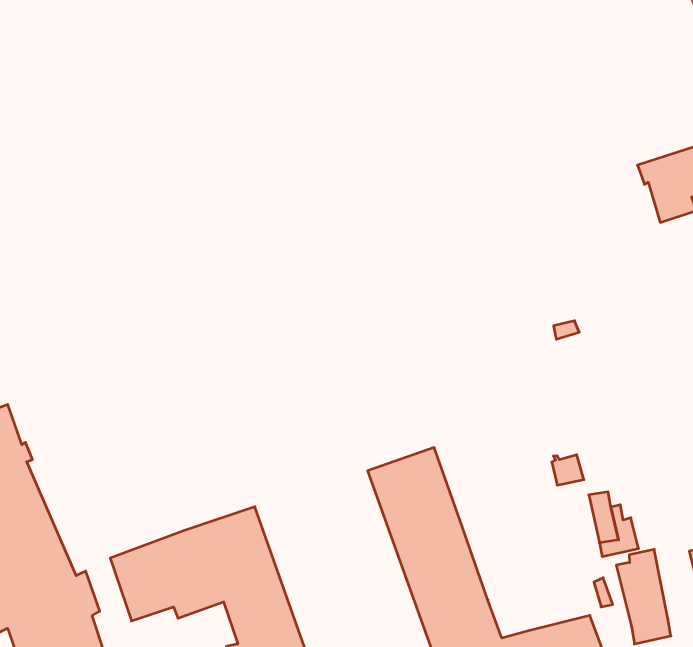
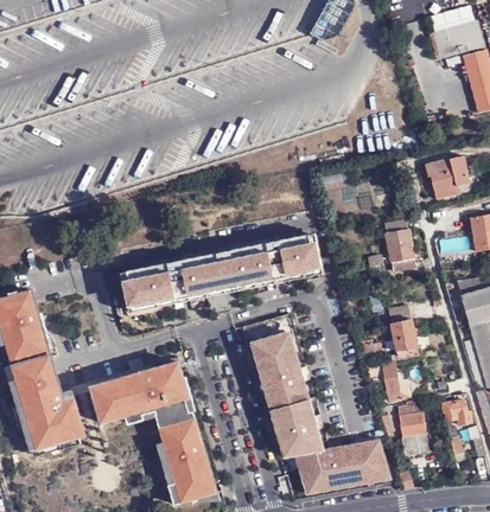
building: none -> [383,220,416,273]
building: none -> [121,233,324,312]
building: none -> [388,306,419,360]

